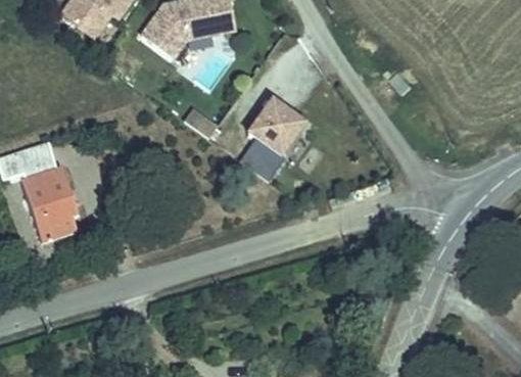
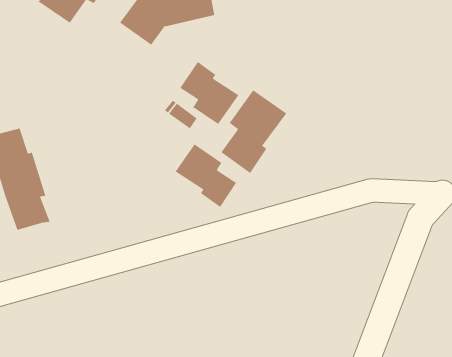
building: none -> [180,61,239,125]
building: none -> [175,144,237,208]

